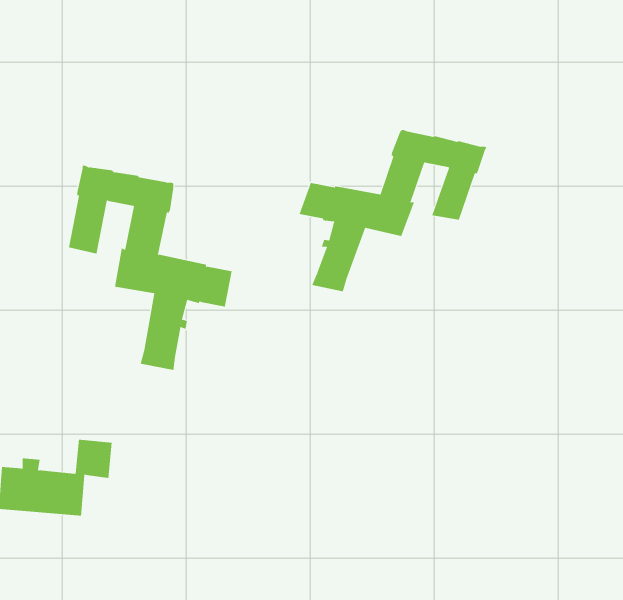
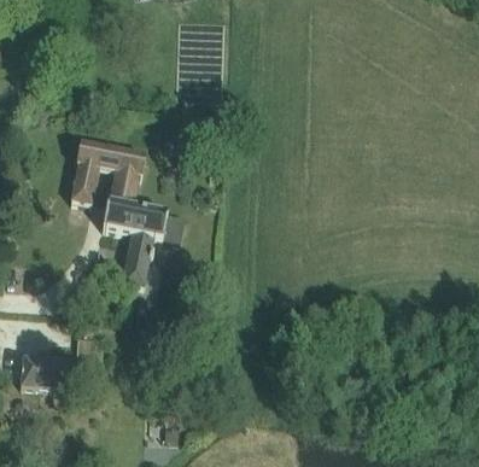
building: [299,129,487,292] -> none

